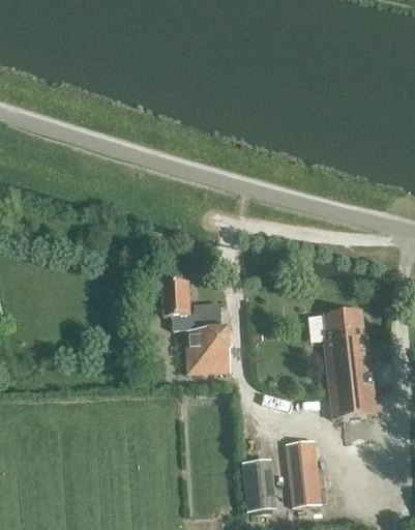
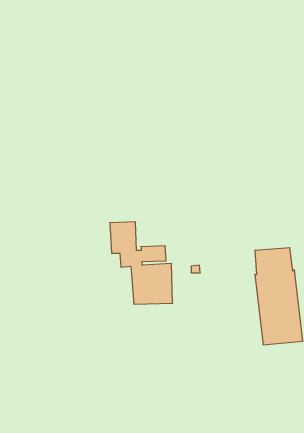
building: [284,440,322,507] -> none
building: [242,459,272,509] -> none

